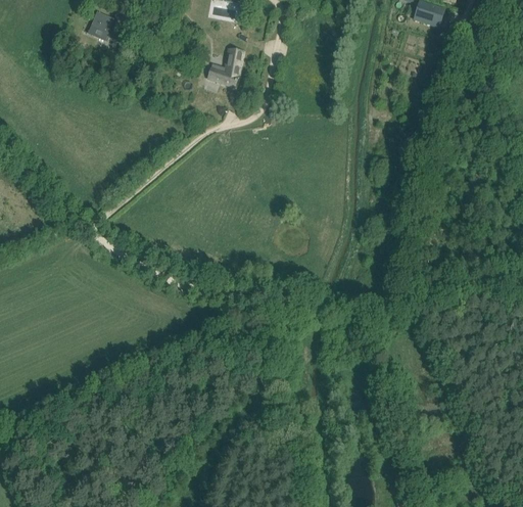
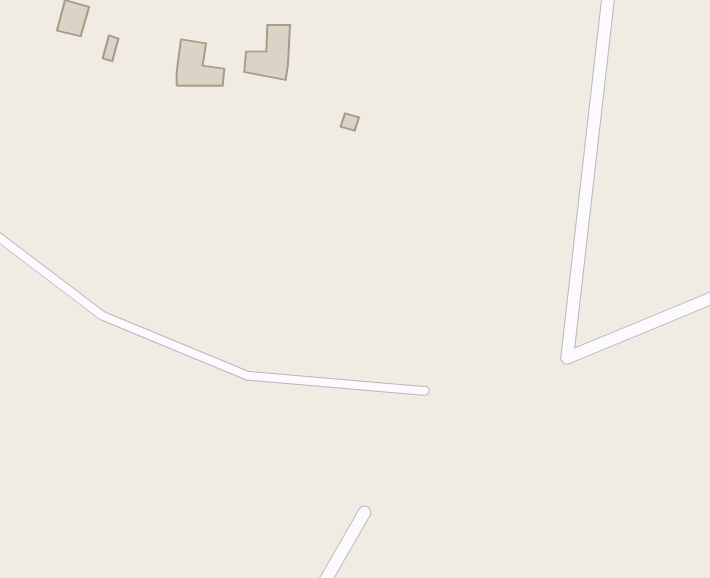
building: none -> [177,39,224,86]

